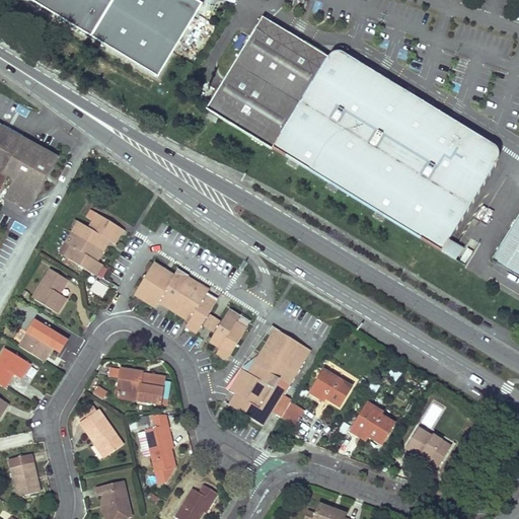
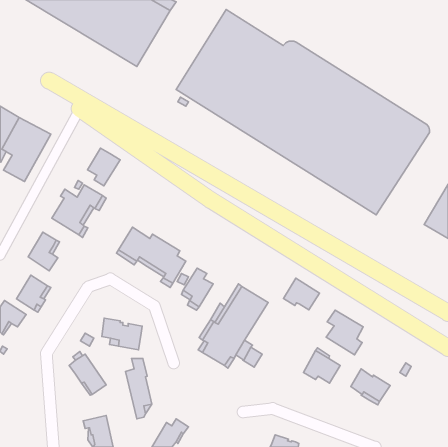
building: none -> [88,148,120,186]
building: none -> [326,310,363,355]
building: [309,369,351,405] -> [283,278,319,310]
building: [8,453,41,497] -> none

